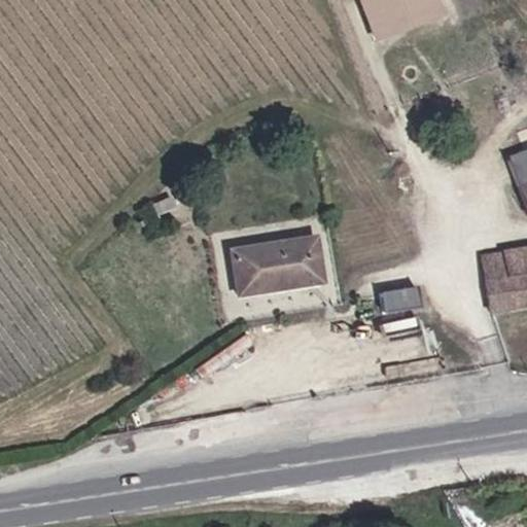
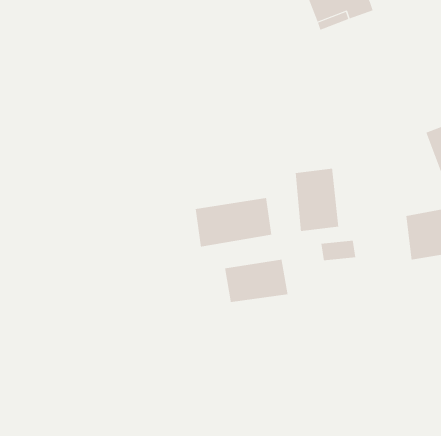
building: none -> [295,168,339,232]
building: none -> [224,259,288,303]

